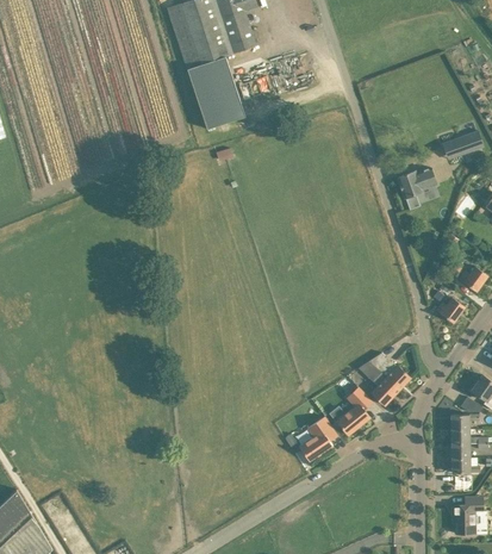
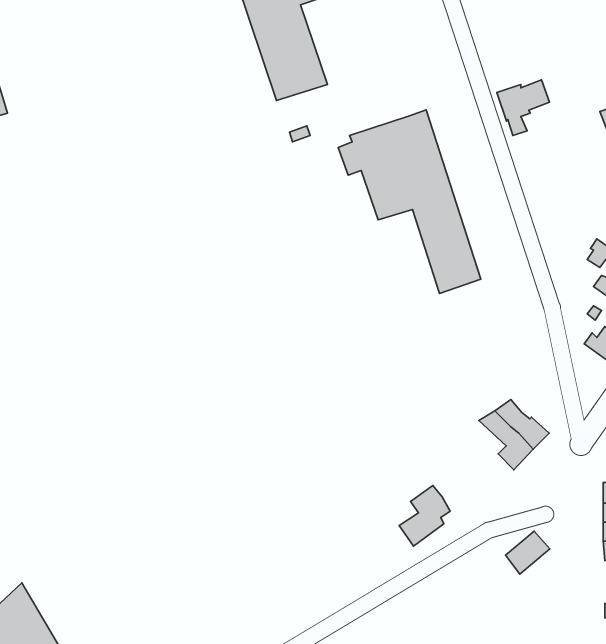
building: none -> [338,110,481,293]
building: [398,168,437,210] -> [497,80,549,135]
building: [337,404,370,436] -> [505,531,550,574]

